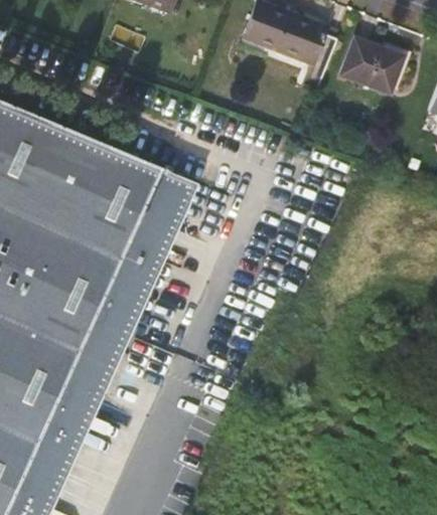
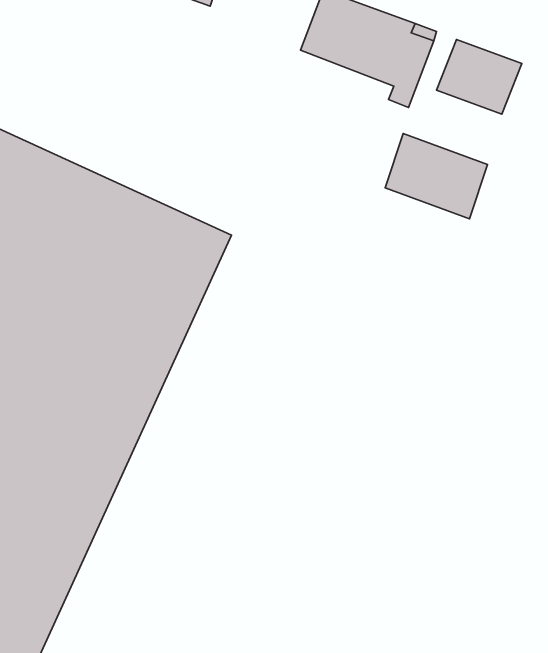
building: none -> [385,134,488,219]

